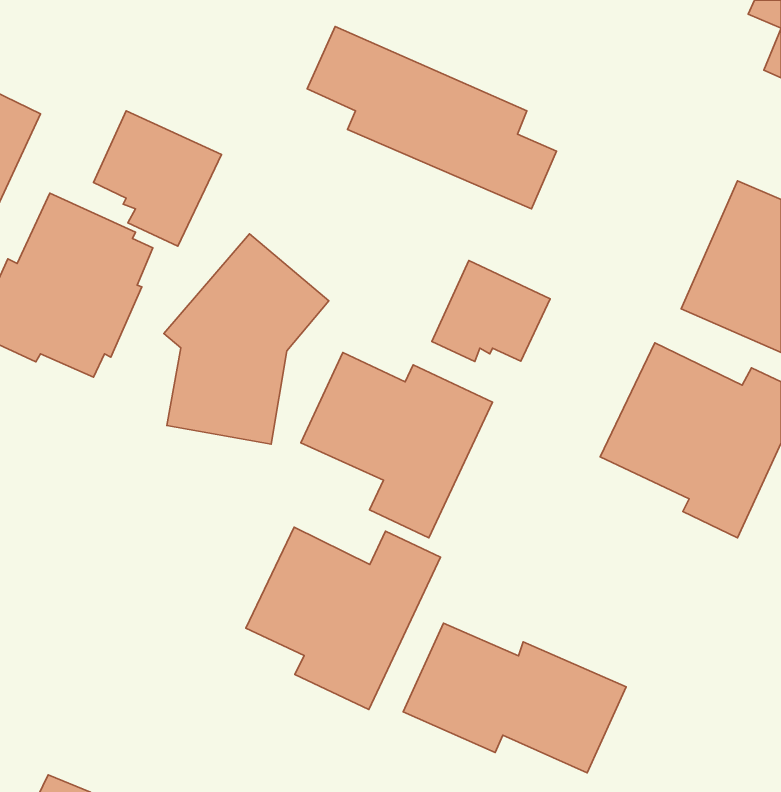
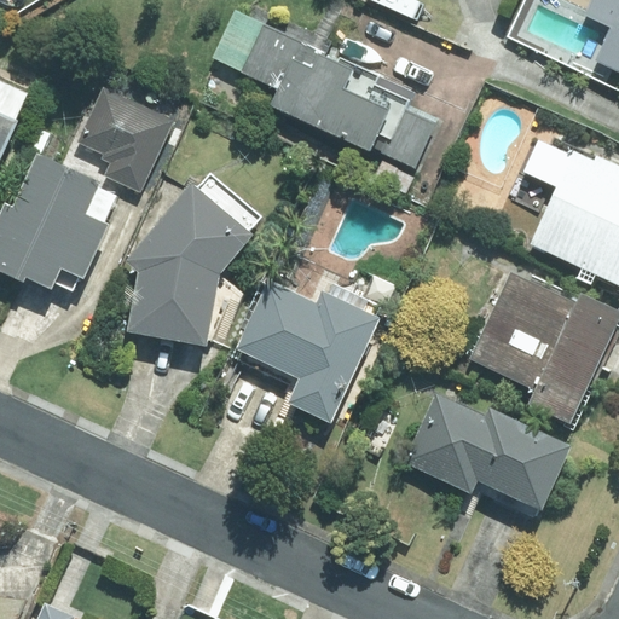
building: [432,260,550,361] -> none
building: [246,527,441,709] -> none
building: [403,623,626,773] -> [400,392,573,508]

